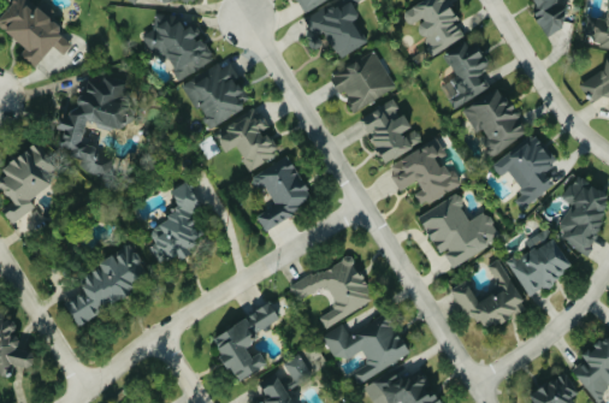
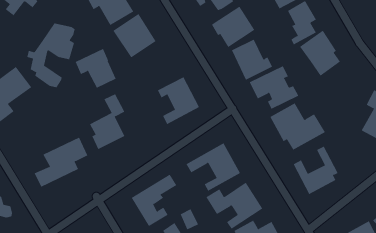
building: [217,111,279,171] -> [75,48,116,88]
building: [493,135,557,209] -> none
building: [509,229,573,296] -> none

